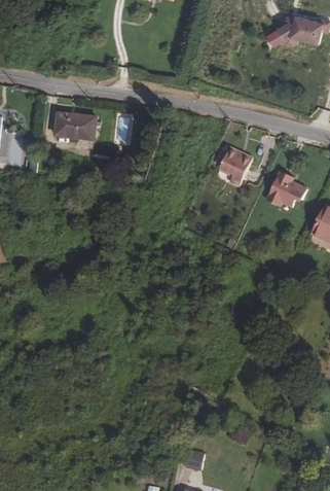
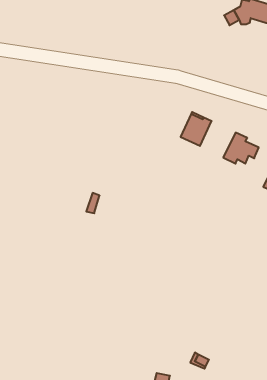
building: [54,113,96,140] -> none

